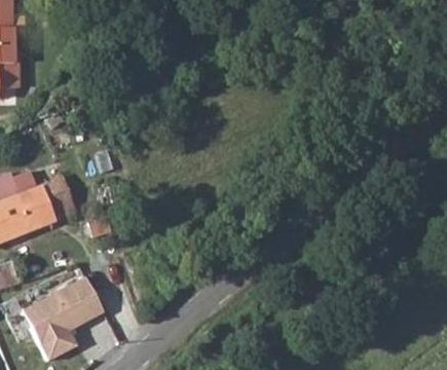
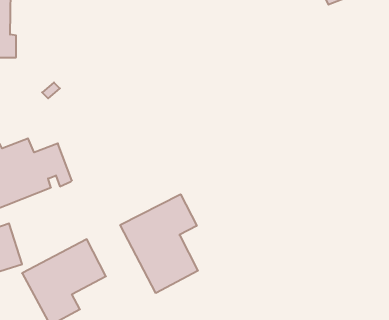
building: none -> [120,194,198,293]

